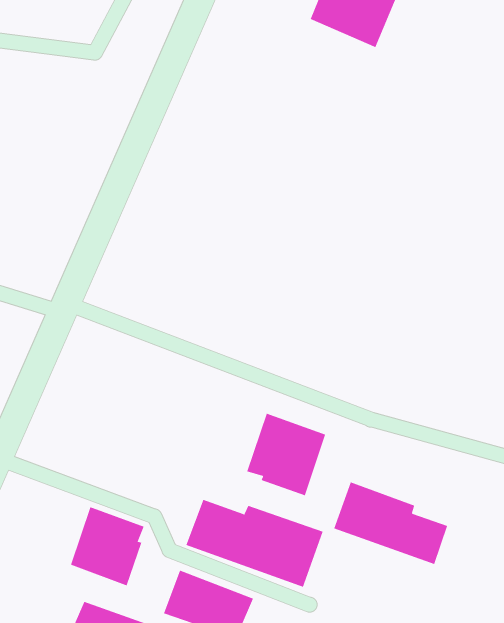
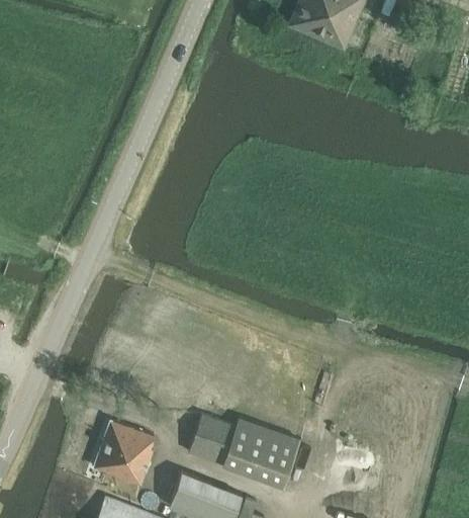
building: [246,413,326,496] -> none
building: [334,481,448,565] -> none

